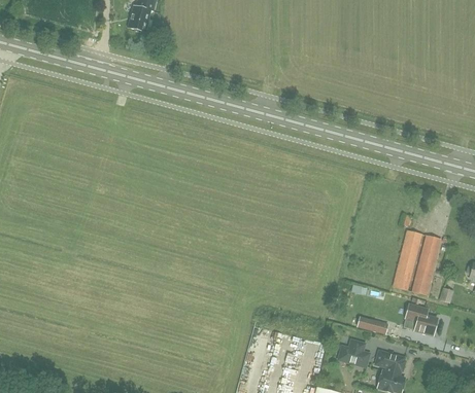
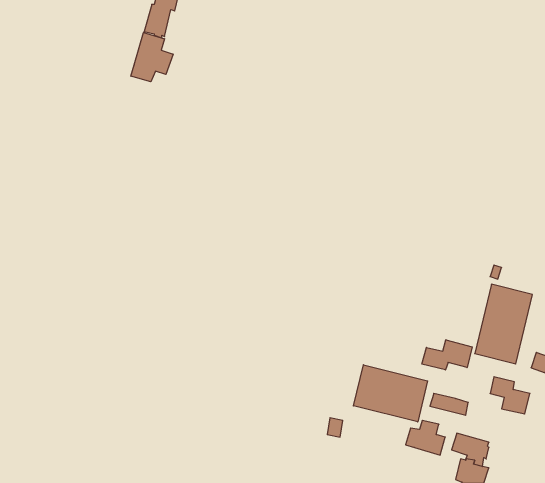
building: none -> [131,33,173,82]
building: none -> [422,340,472,370]
building: none -> [353,365,428,422]

